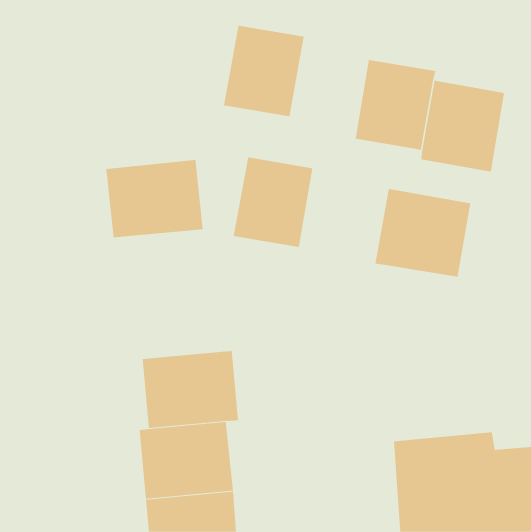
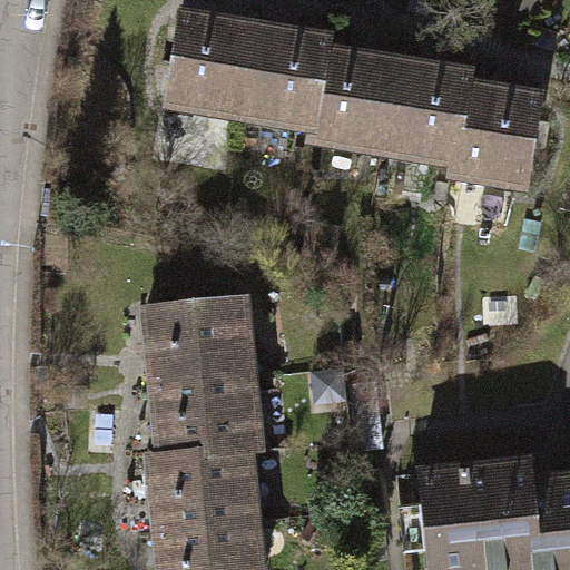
building: none -> [161,12,256,112]
building: [233,157,313,247] -> [309,51,395,148]
building: [106,159,204,238] -> [146,299,250,383]
building: [375,188,471,278] -> none

